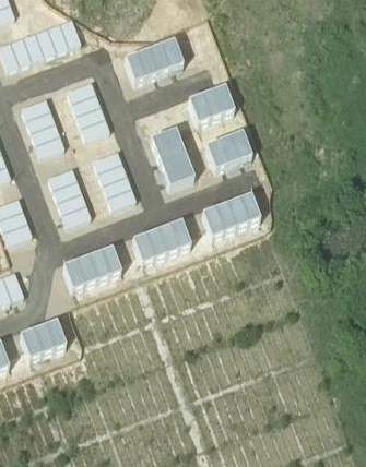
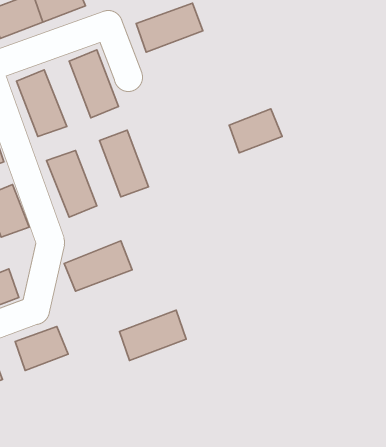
building: [188,86,234,124] -> none
building: [151,130,193,188] -> none
building: [201,194,260,238] -> none
building: [132,220,190,264] -> [119,310,186,361]

